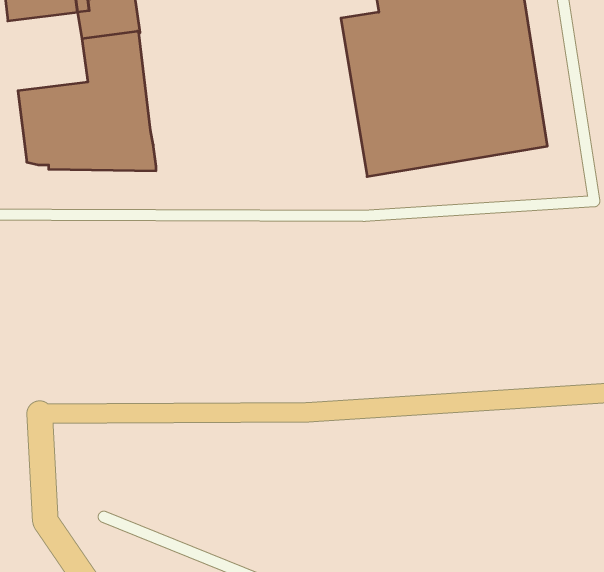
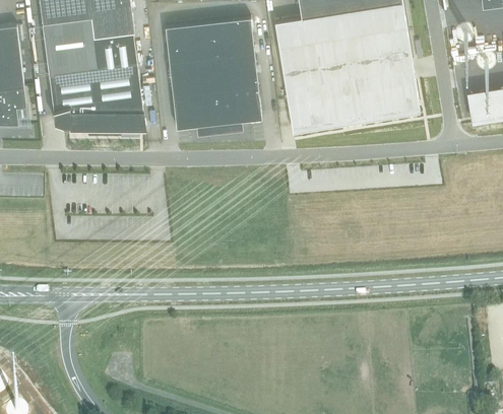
building: none -> [43,20,99,75]
building: none -> [166,20,262,131]

